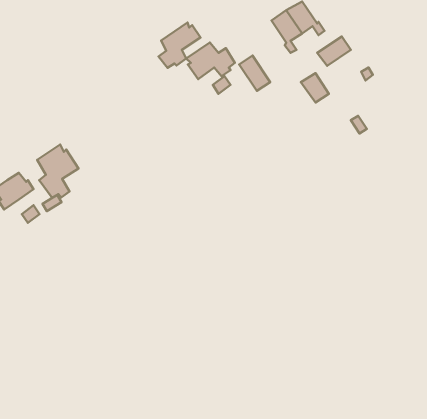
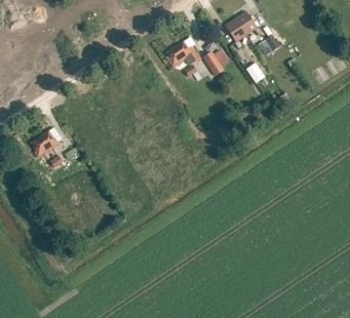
building: [158,22,201,68] -> none
building: [37,145,79,198] -> none

